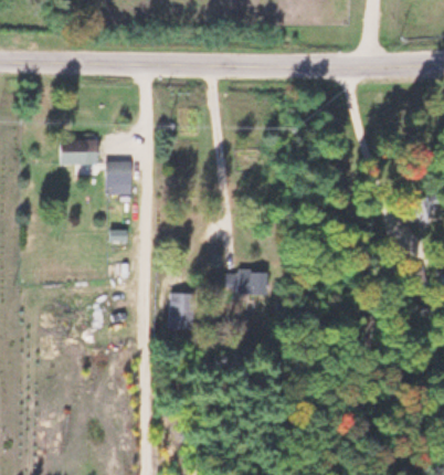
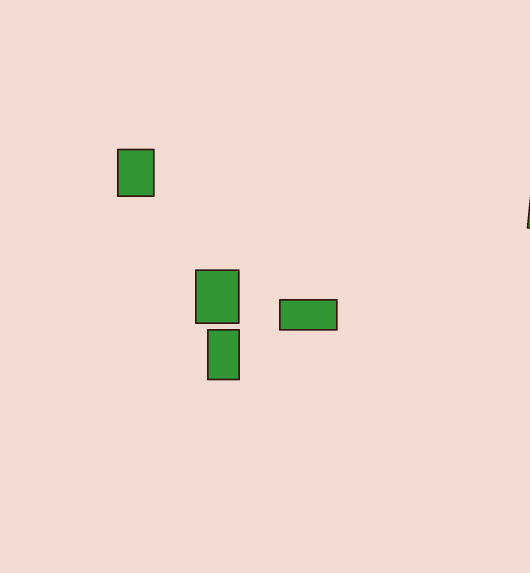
building: [57,139,97,163] -> none
building: none -> [196,270,239,323]

